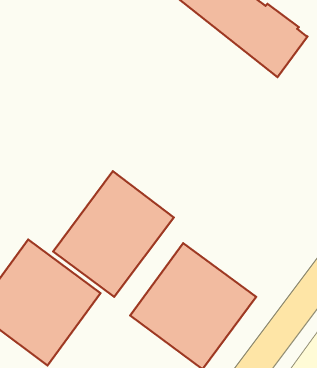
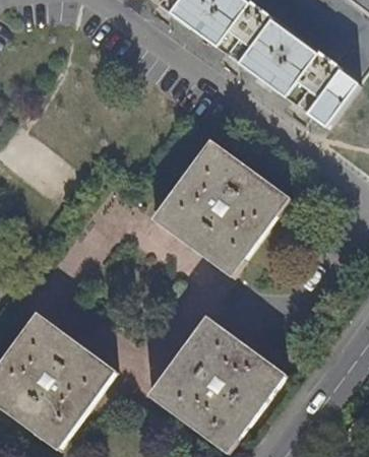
building: none -> [155,138,292,275]
building: [53,171,174,297] -> none

